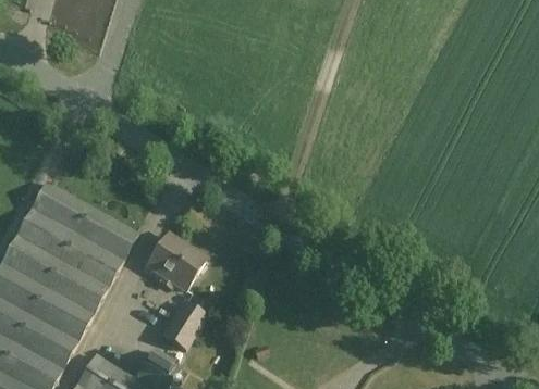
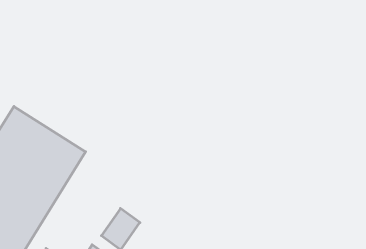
building: [147,236,204,289] -> none

